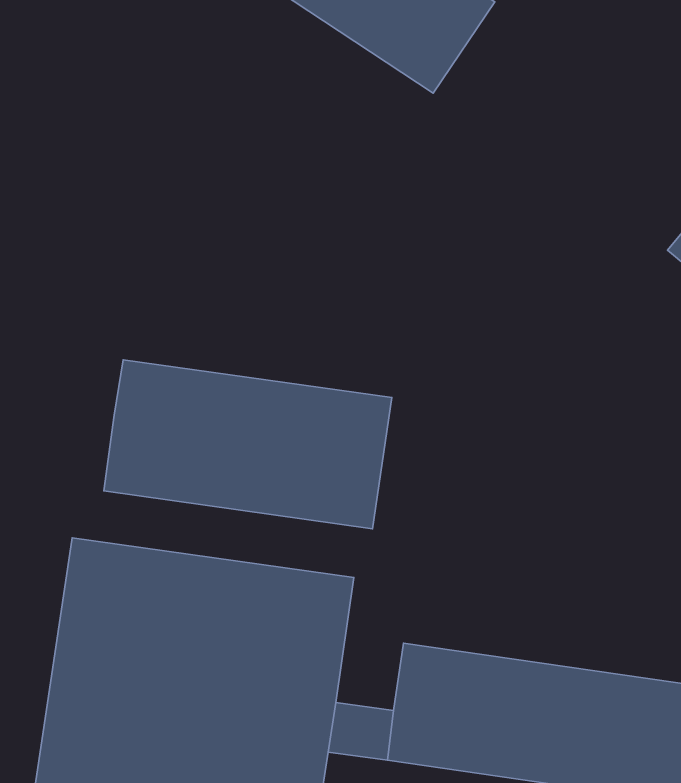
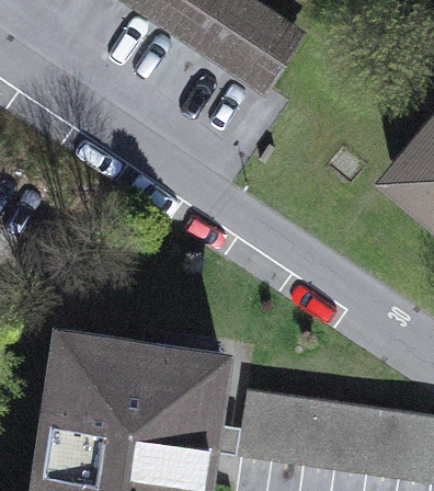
building: [104,360,392,529] -> none

